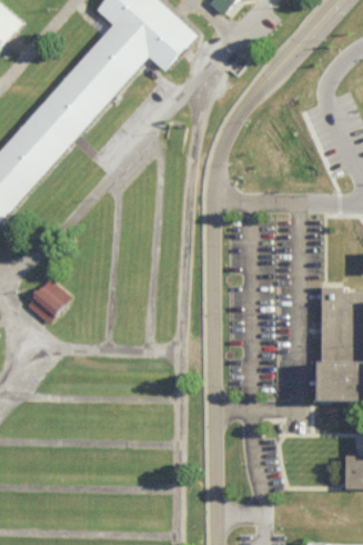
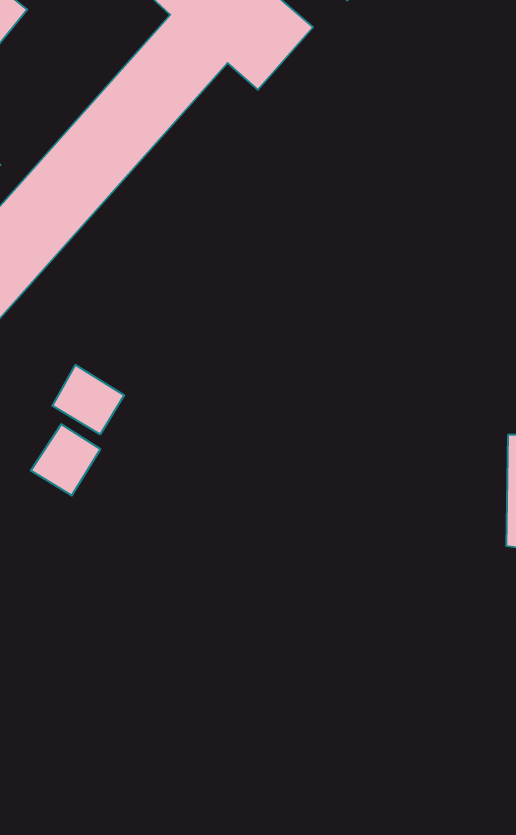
building: none -> [52,365,124,434]

